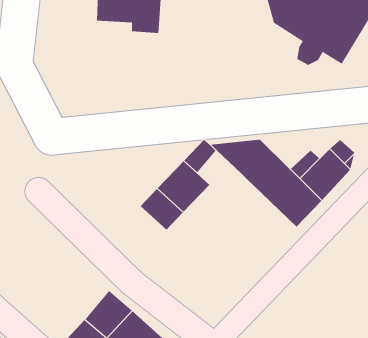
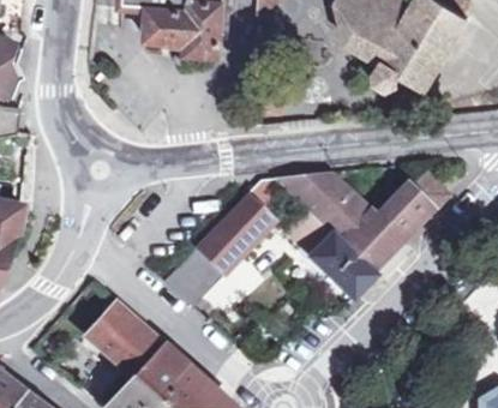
building: none -> [290,214,377,299]
building: none -> [167,250,228,311]
building: none -> [90,305,163,377]

